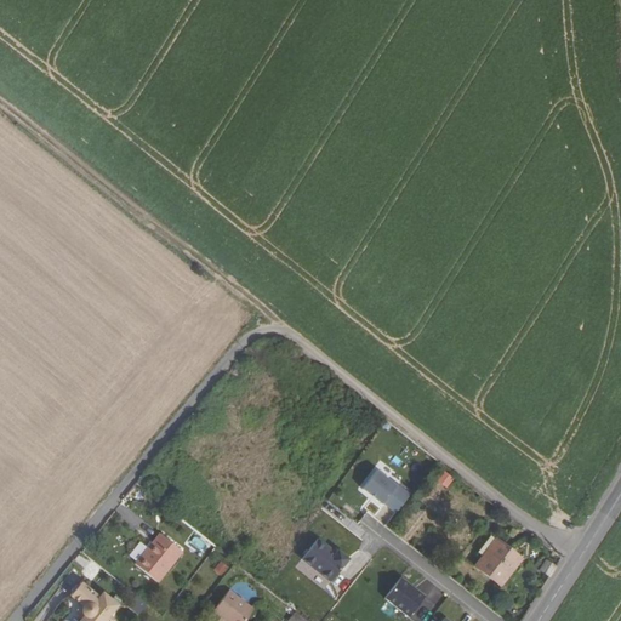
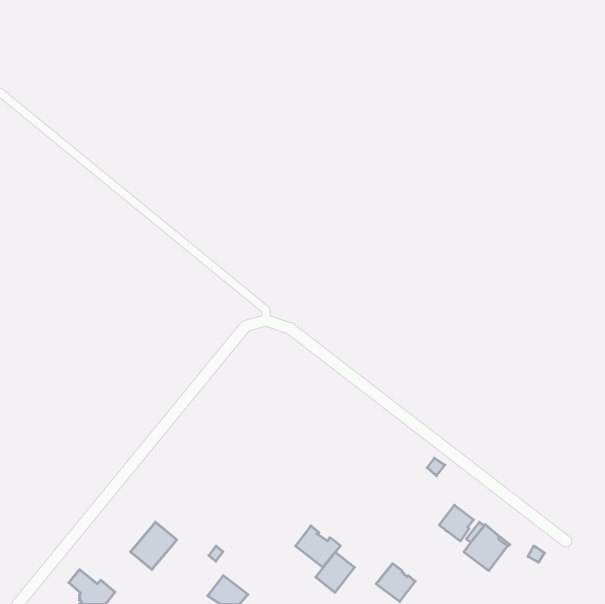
building: [364,468,411,512] -> none
building: none -> [439,505,474,541]
building: none -> [316,552,355,592]

